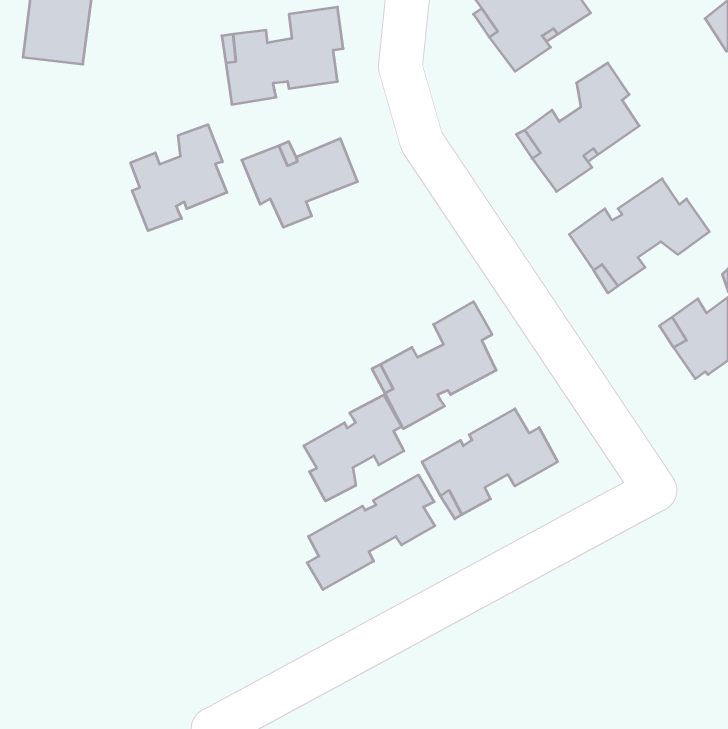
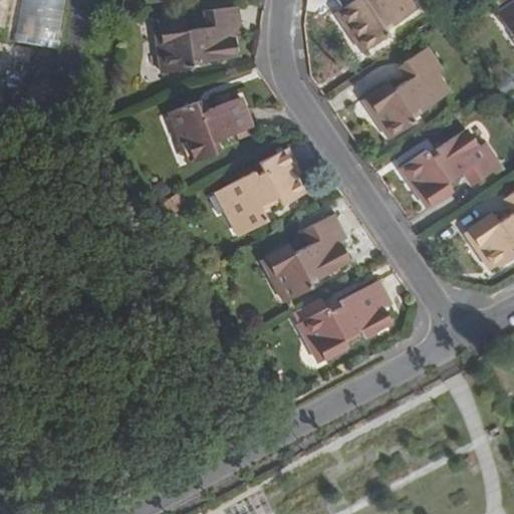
building: [131,125,227,231] -> none
building: none -> [221,146,299,232]
building: [304,395,404,501] -> none
building: [307,475,435,590] -> none

